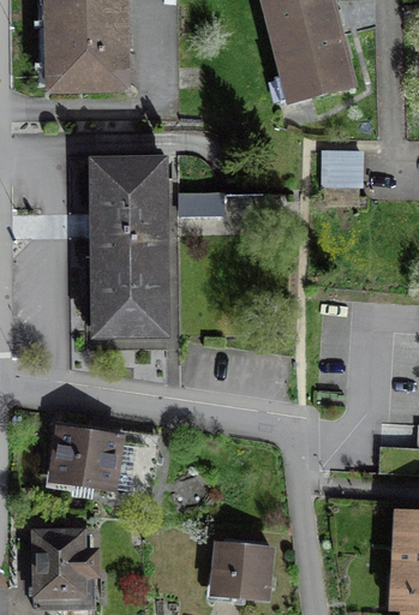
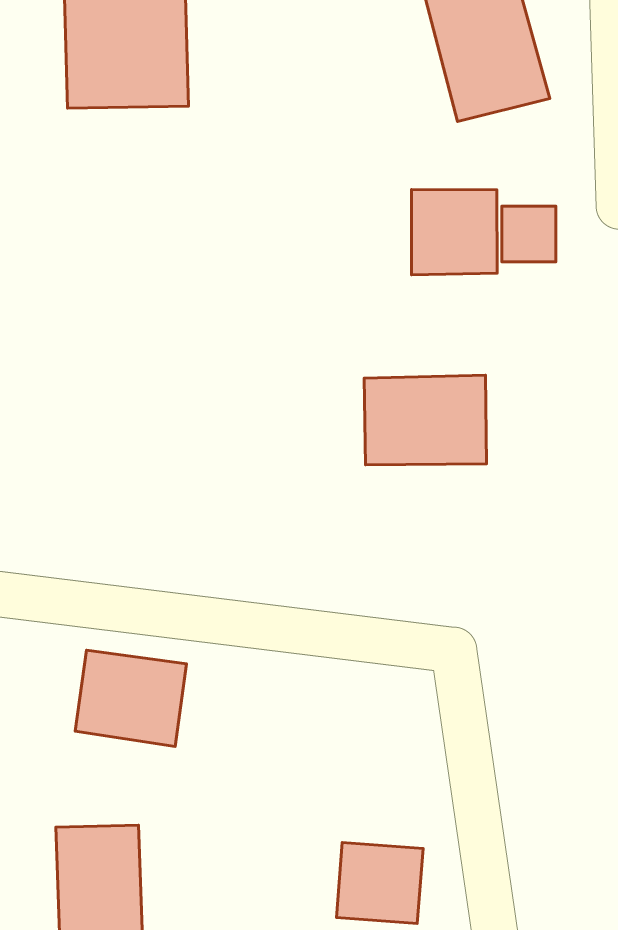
building: none -> [412,189,497,275]
building: [94,160,164,335] -> none
building: none -> [364,375,487,465]

